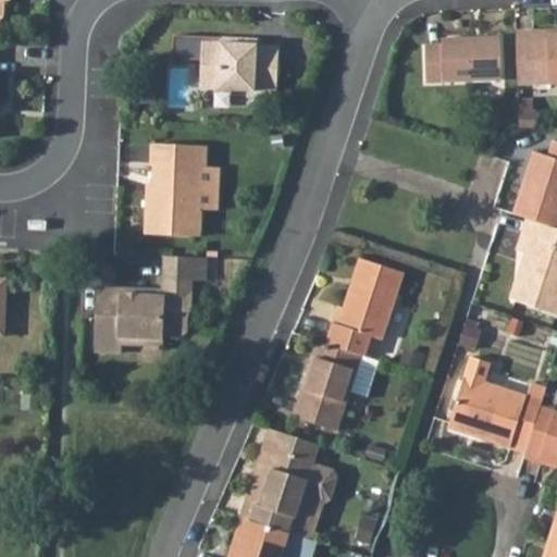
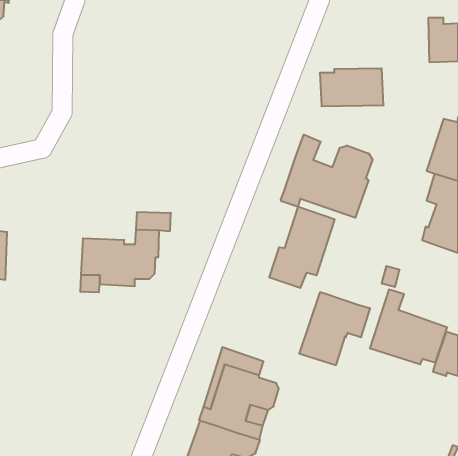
building: [425,33,503,78] -> [320,68,384,106]
building: [171,41,277,98] -> none
building: [145,150,207,242] -> none
building: none -> [281,135,372,218]
building: [293,337,379,425] -> [299,292,370,365]

